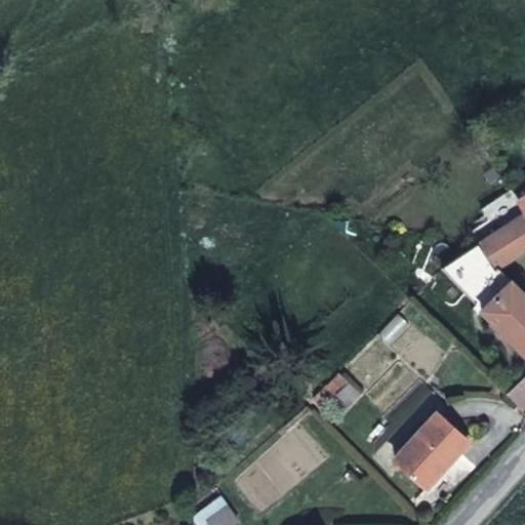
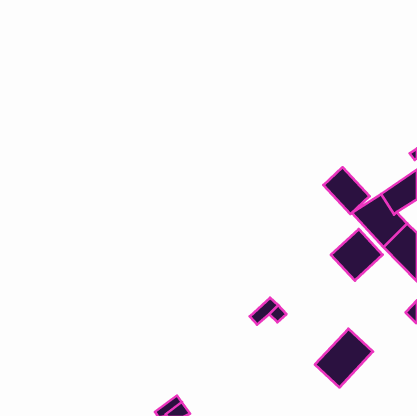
building: none -> [323,167,370,214]
building: none -> [331,229,383,281]

